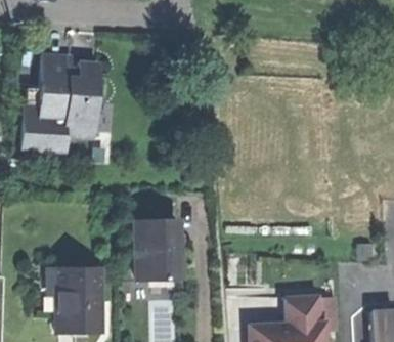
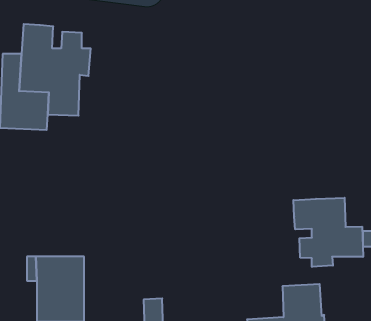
building: none -> [293,198,363,267]
building: [134,218,181,281] -> none

